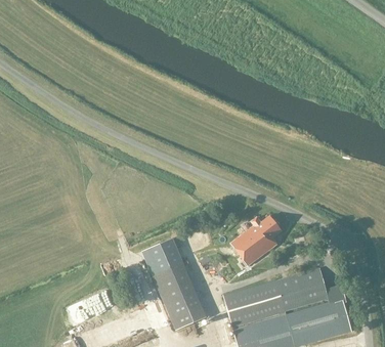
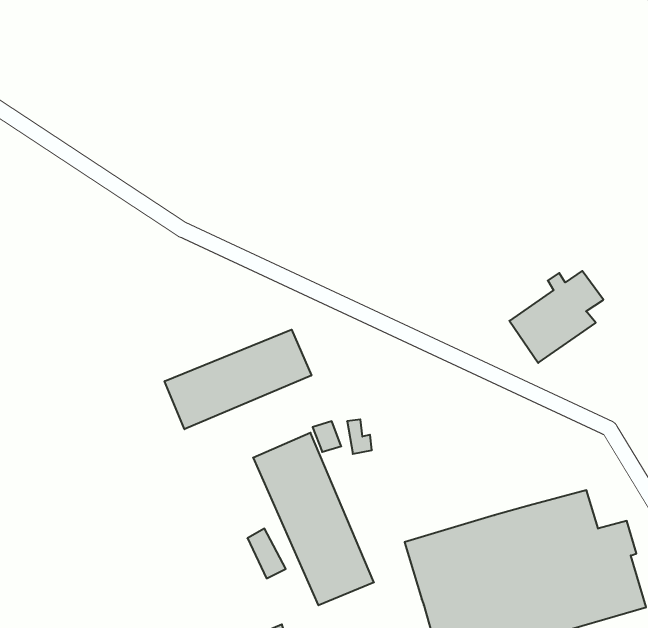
building: none -> [165,330,311,429]
building: [230,216,281,265] -> [509,271,603,363]

